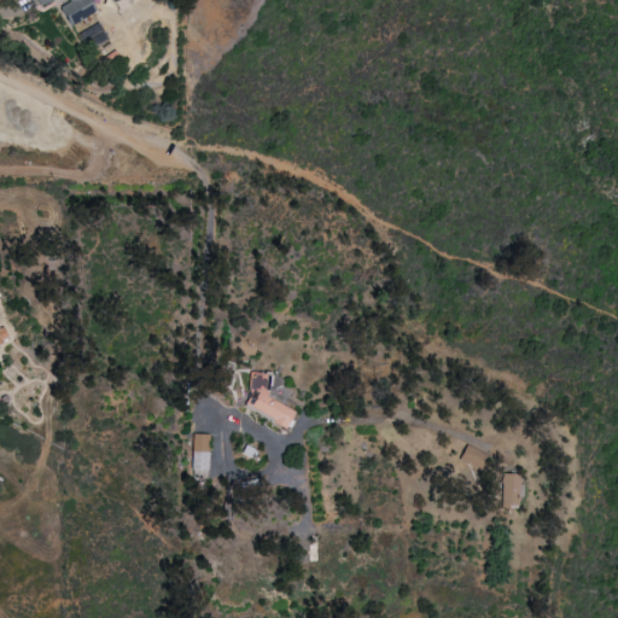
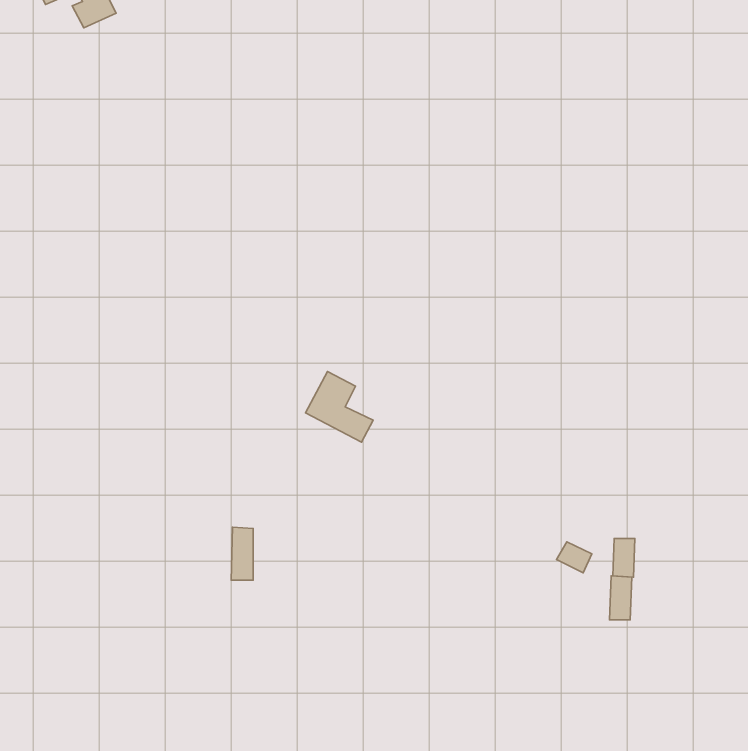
building: [243,369,298,427] -> [306,371,373,442]
building: none -> [613,539,635,577]

